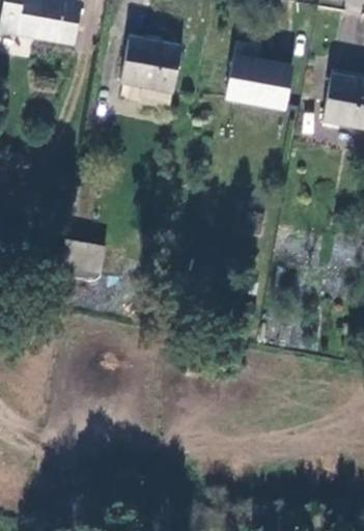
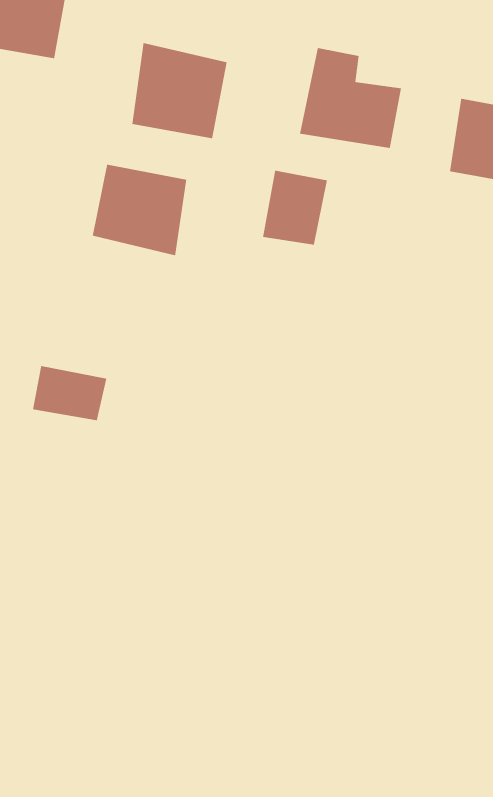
building: none -> [92,164,187,256]
building: none -> [263,170,328,245]

